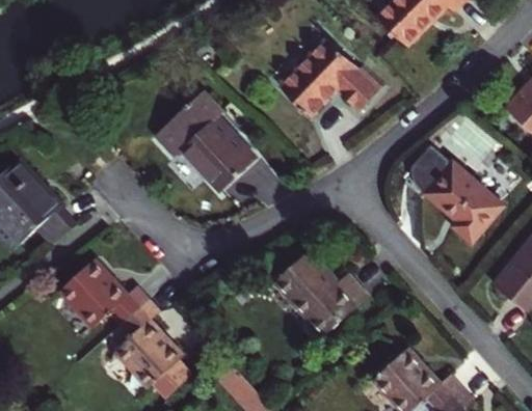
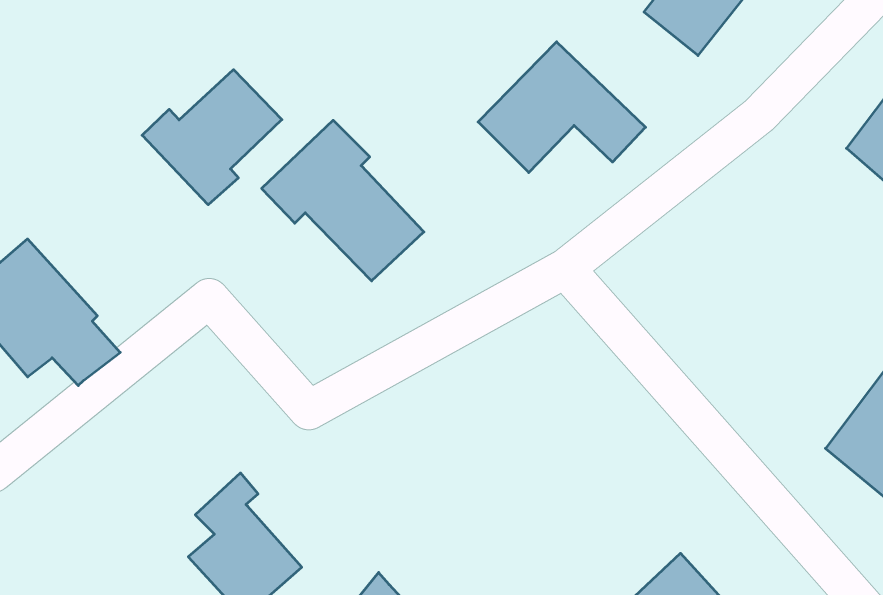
building: none -> [142,70,282,205]
building: [406,146,503,242] -> none
building: [276,251,367,336] -> none
building: [60,259,145,327] -> none

